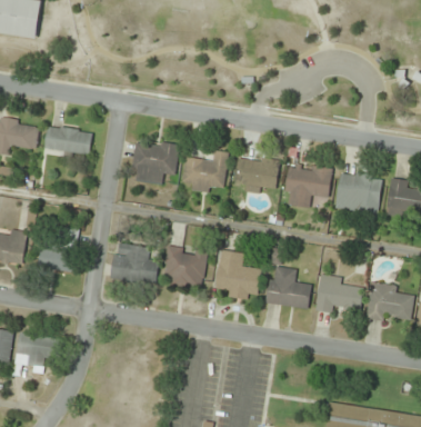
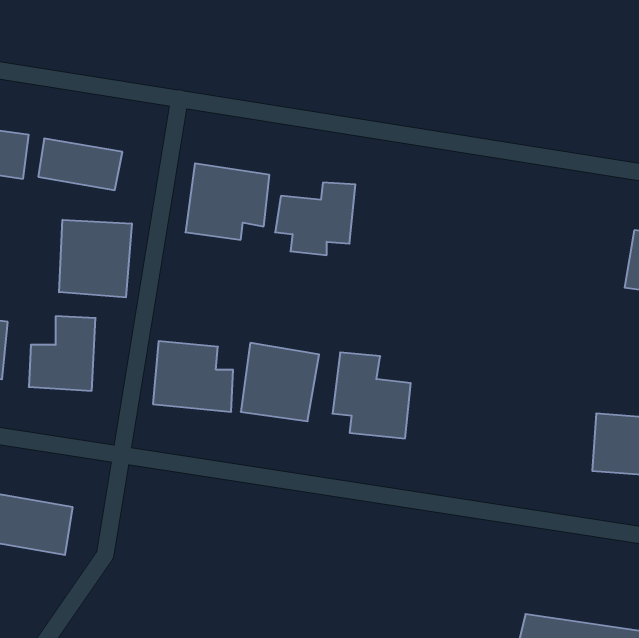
building: [234,155,280,195] -> none
building: [283,161,333,208] -> none
building: [335,171,382,211] -> none
building: none -> [59,220,132,297]
building: [264,266,312,309] -> none
building: [315,274,362,314] -> none

